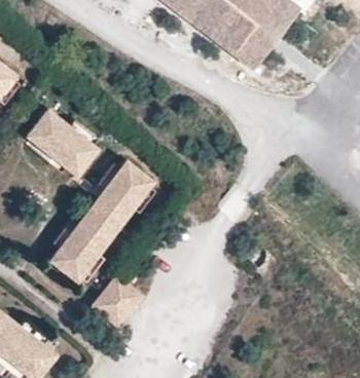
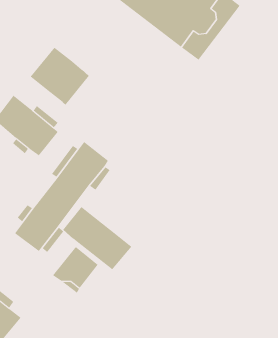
building: none -> [30,47,89,105]
building: none -> [62,206,132,270]

